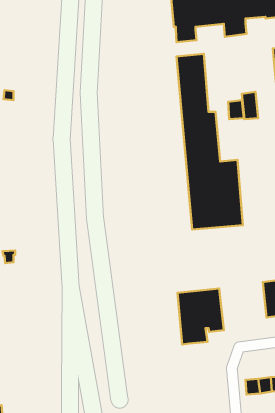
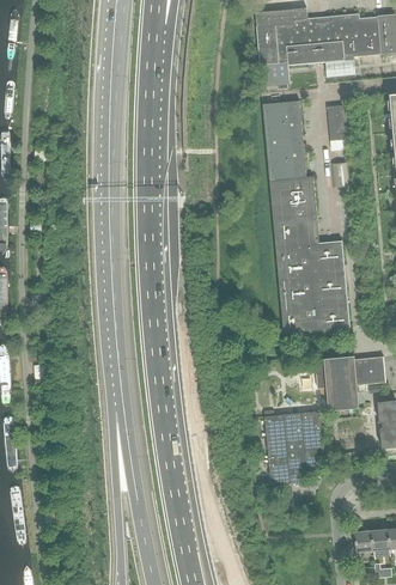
building: [242,92,258,119] -> [325,104,347,140]
building: none -> [313,355,385,410]

